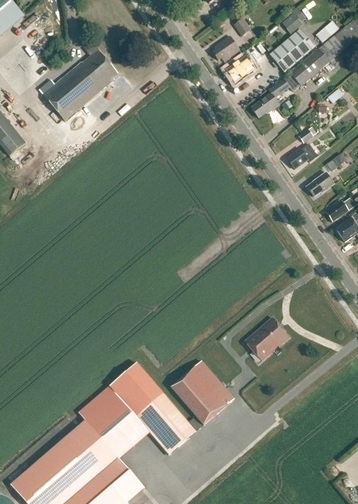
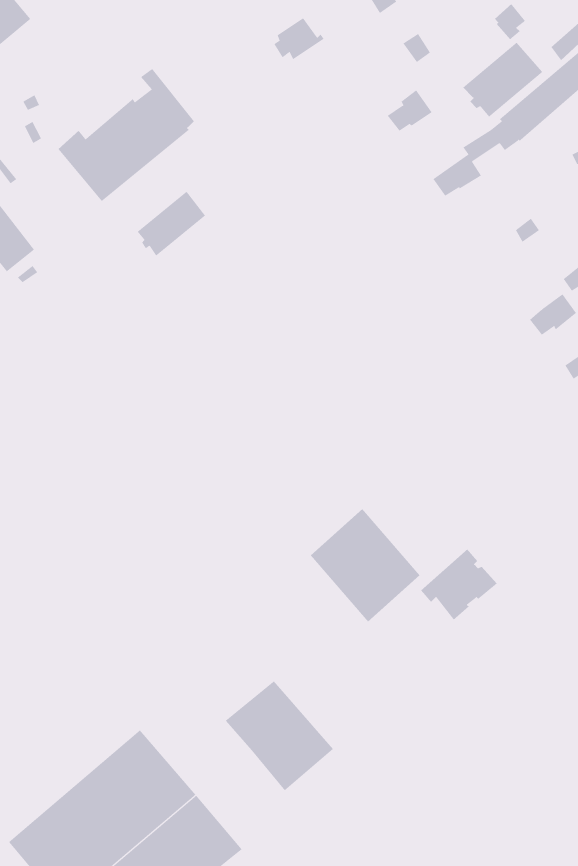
building: [213,37,242,61] -> [273,18,325,60]
building: none -> [137,191,206,257]
building: [286,143,318,169] -> none
building: [171,360,234,425] -> [310,508,421,622]
building: [79,362,162,457] -> none

